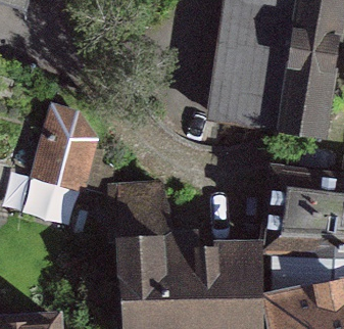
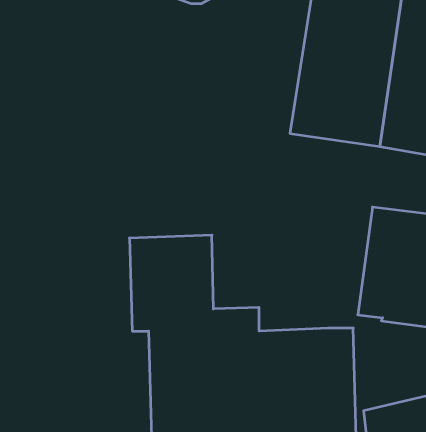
building: [34,80,105,196] -> none

